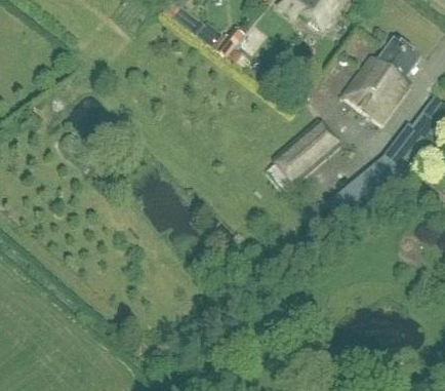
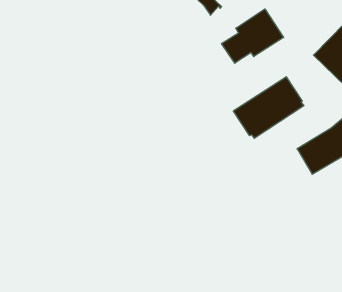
building: none -> [222,9,284,63]

